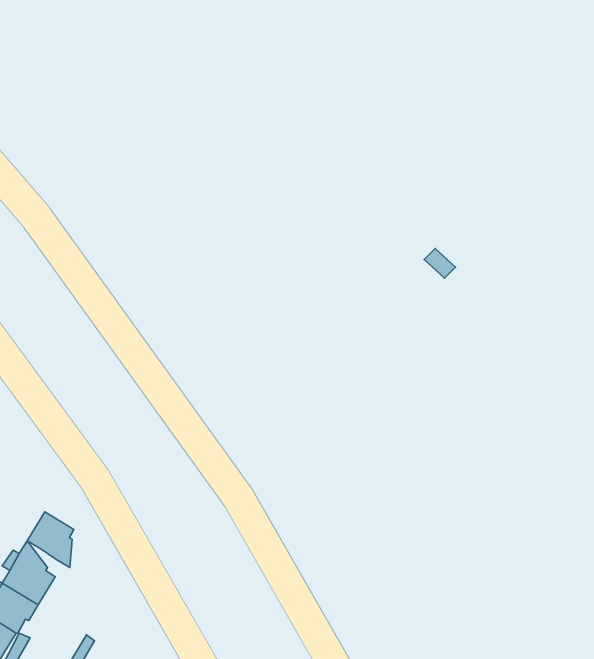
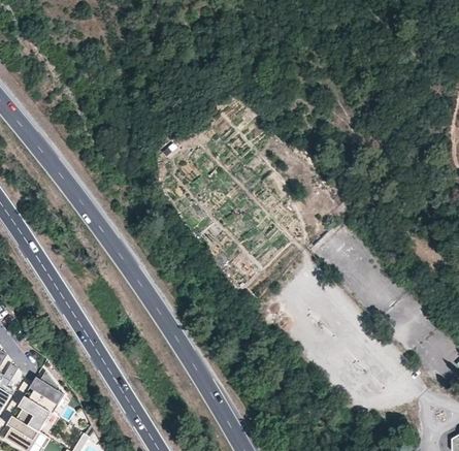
building: [27,512,74,567] -> none

